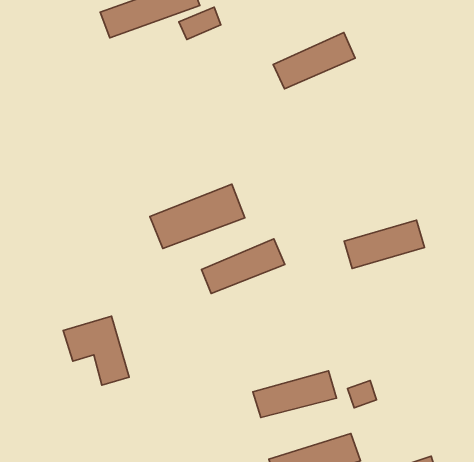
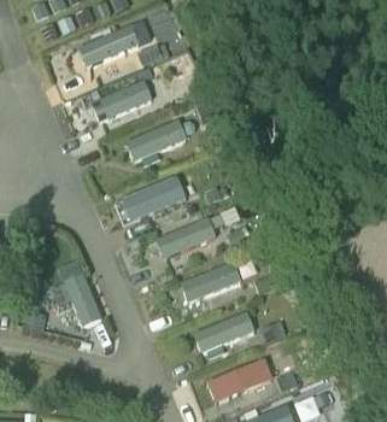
building: [273,32,355,89] -> [125,119,187,162]
building: none -> [90,78,153,123]
building: [344,220,424,268] -> [181,264,241,300]

